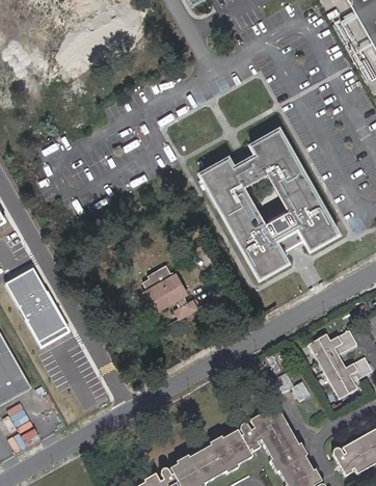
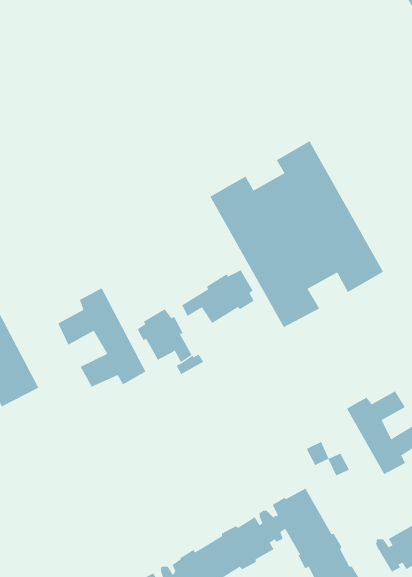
building: none -> [181,270,254,324]
building: none -> [57,288,146,387]

